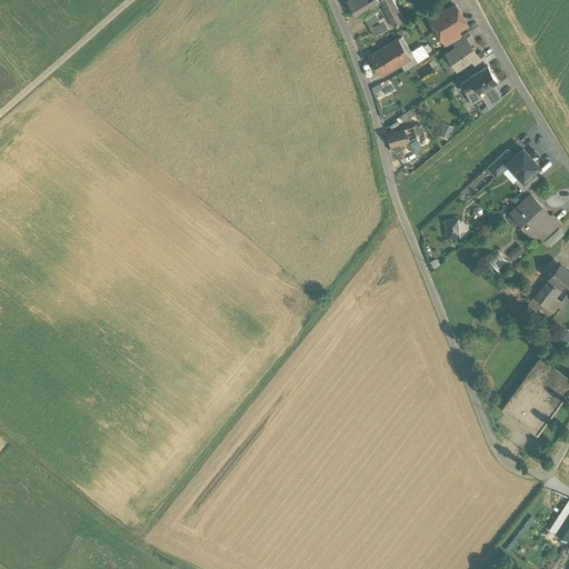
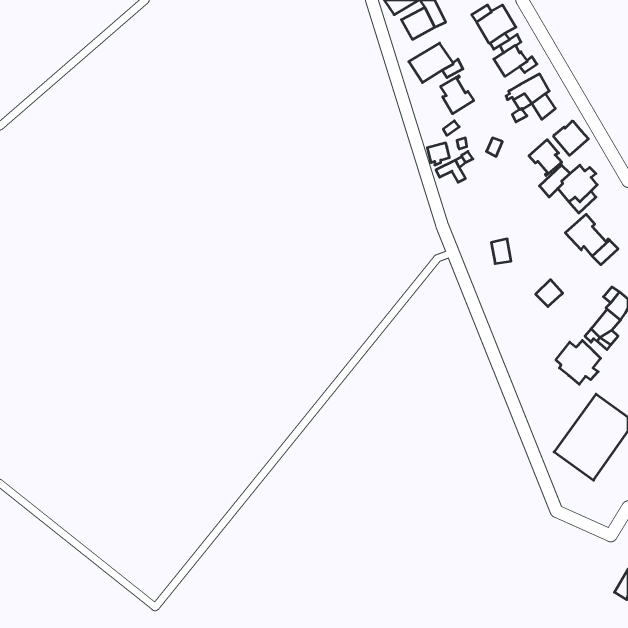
building: none -> [441,76,474,114]
building: none -> [554,121,588,155]
building: none -> [529,140,562,176]
building: none -> [556,340,601,384]

